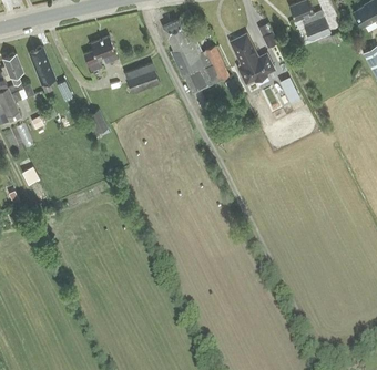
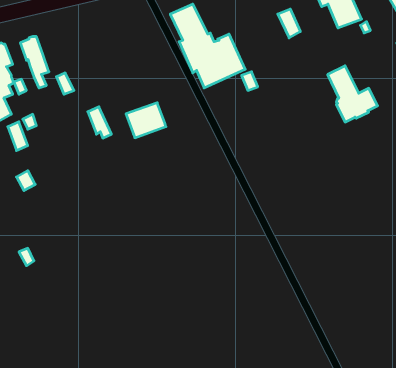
building: [231,34,275,84] -> [328,66,378,122]
building: [83,37,119,73] -> none
building: [124,63,160,94] -> [126,103,166,138]

